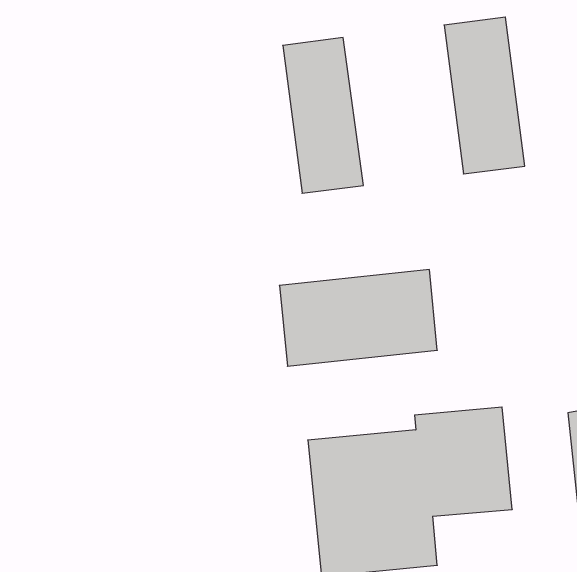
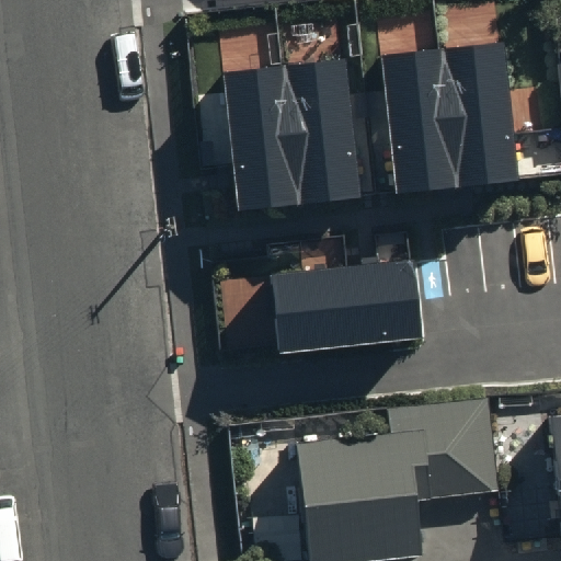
building: none -> [373,33,450,184]
building: none -> [217,53,295,203]

